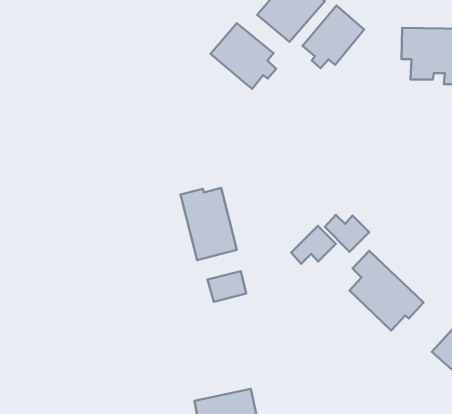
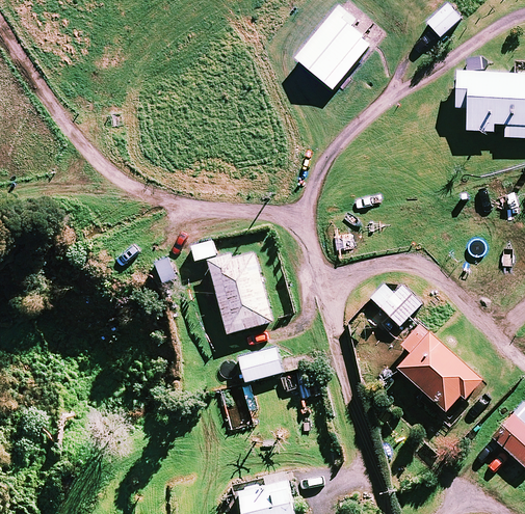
building: [303,6,364,68] -> none
building: [211,23,276,89] -> none
building: [291,226,336,264] -> none

